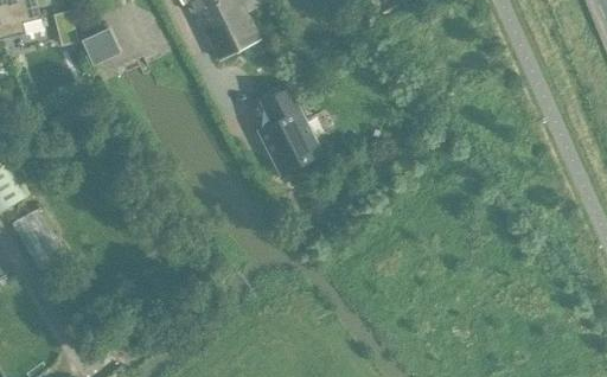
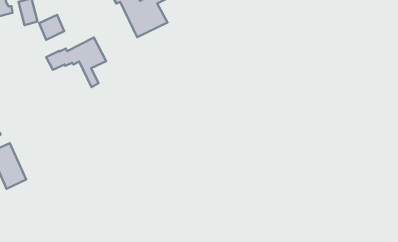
building: none -> [46,37,106,87]
building: [257,87,319,172] -> none

